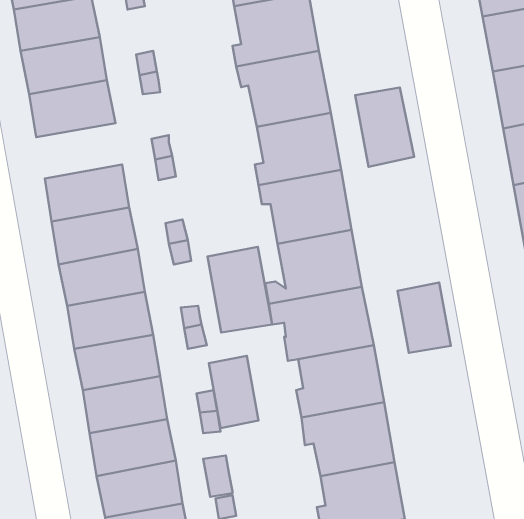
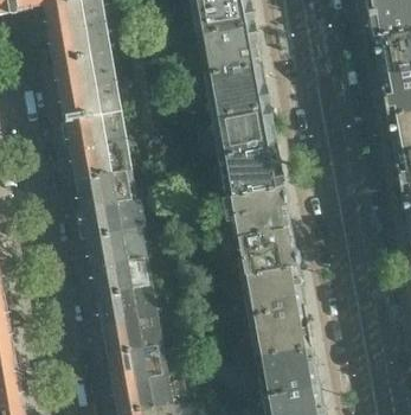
building: [355,88,414,167] -> none
building: none -> [65,110,124,148]
building: [207,247,272,332] -> none
building: [397,283,451,353] -> none
building: [209,356,258,428] -> none

